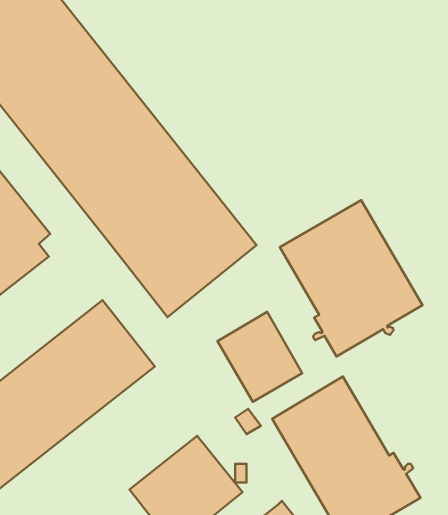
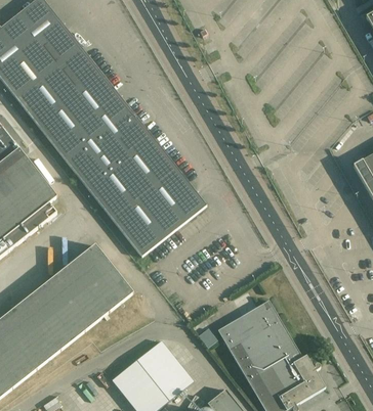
building: [280,200,423,356] -> none
building: [217,312,302,402] -> none

